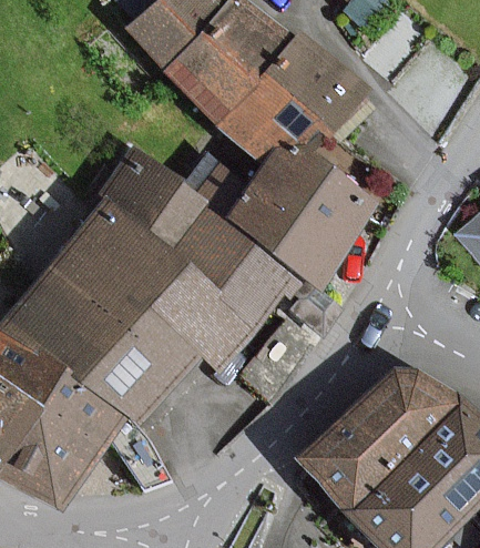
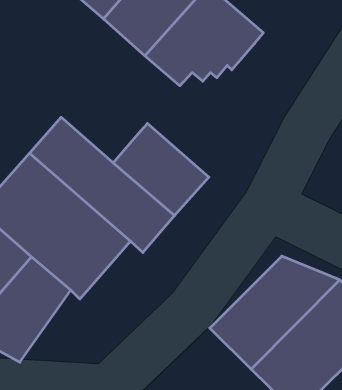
building: [222,140,379,283] -> none
building: [103,149,213,254] -> none

